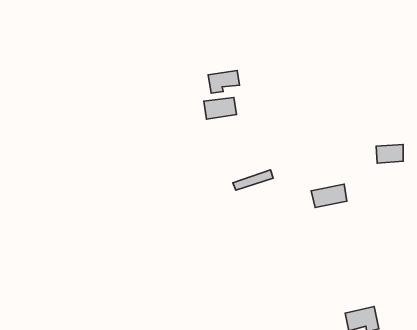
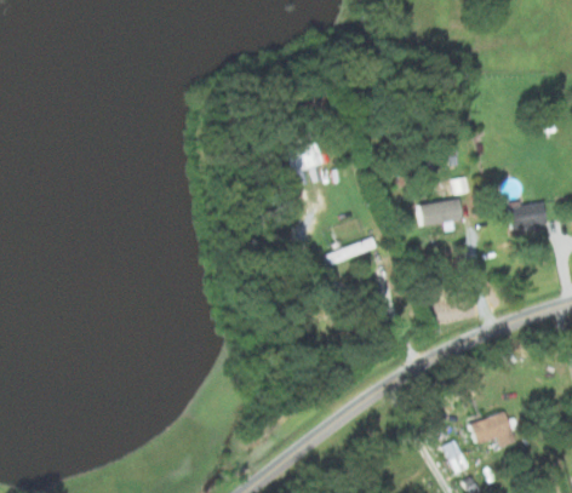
building: [208,71,239,93] -> none
building: [311,184,347,208] -> [417,197,463,228]

